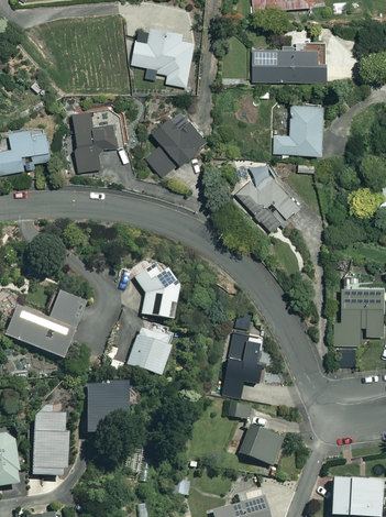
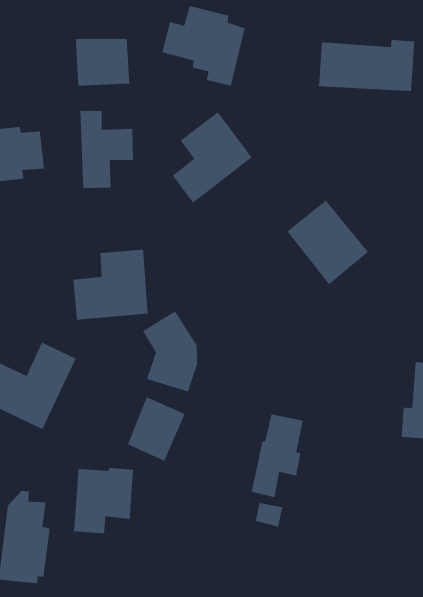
building: none -> [76,38,130,86]
building: [275,105,321,154] -> none
building: none -> [73,249,148,321]
building: [239,425,280,464] -> none

